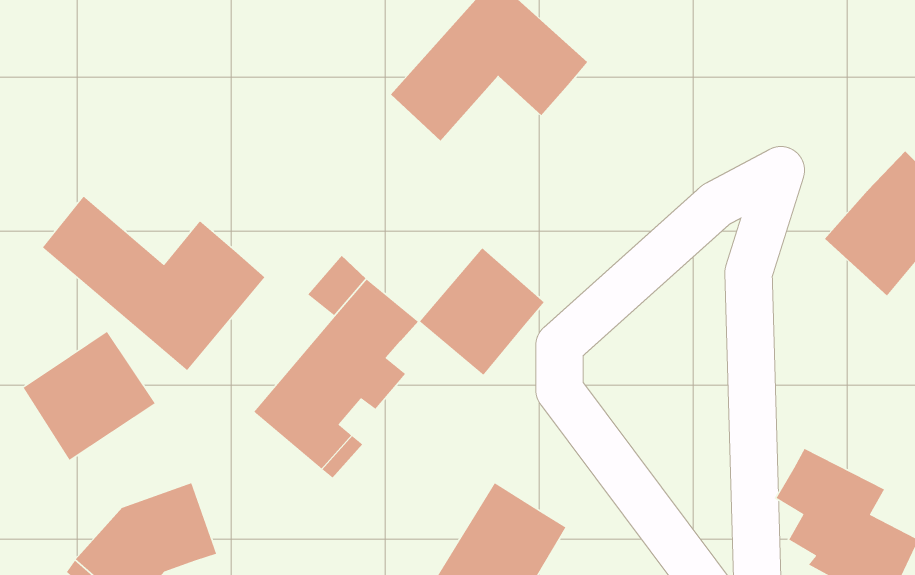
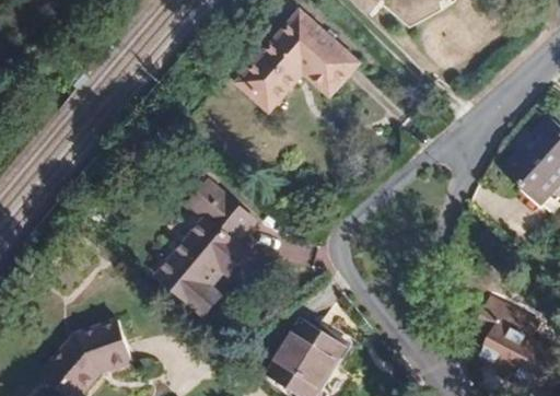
building: [42,196,266,371] -> none
building: [419,247,545,376] -> none
building: [23,331,156,461] -> none

